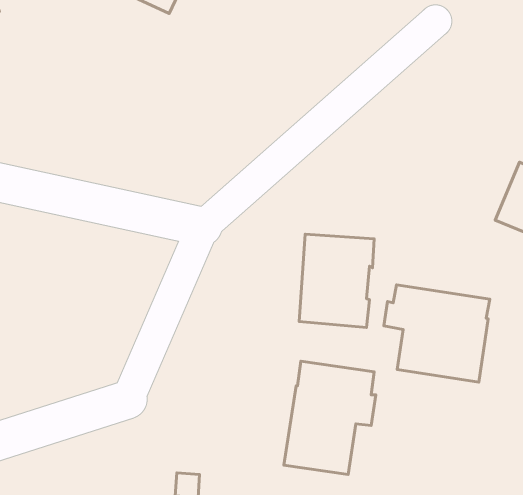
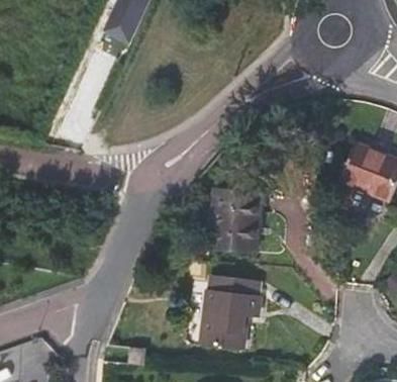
building: [384,285,490,382] -> none

